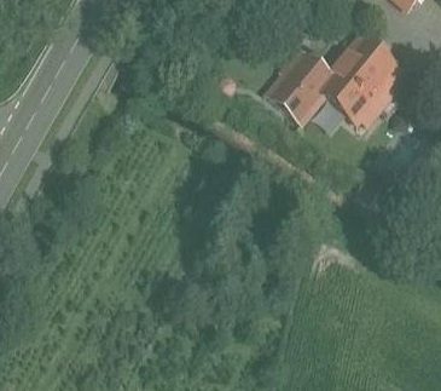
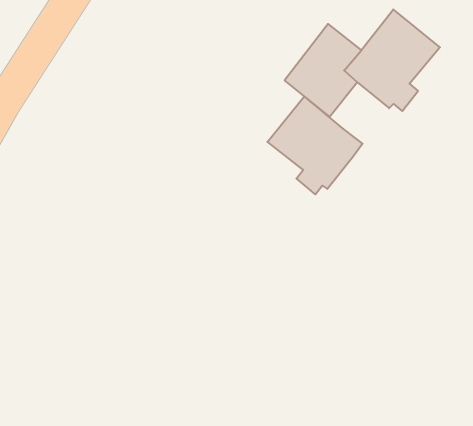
building: none -> [267,96,363,194]

